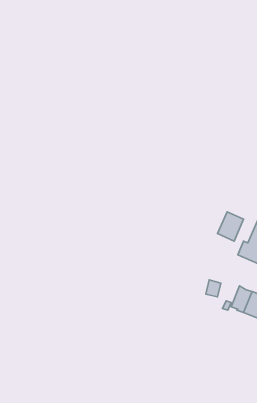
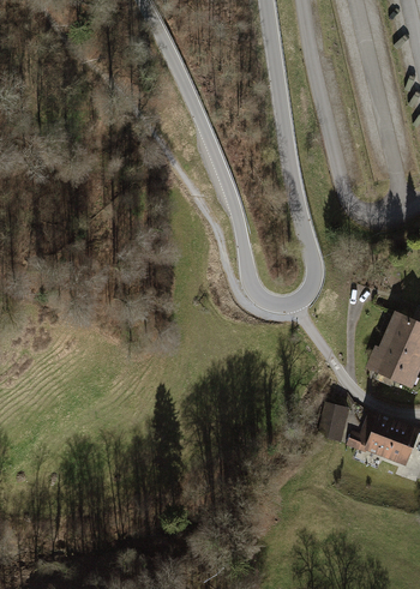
building: [217,212,244,241] -> none

